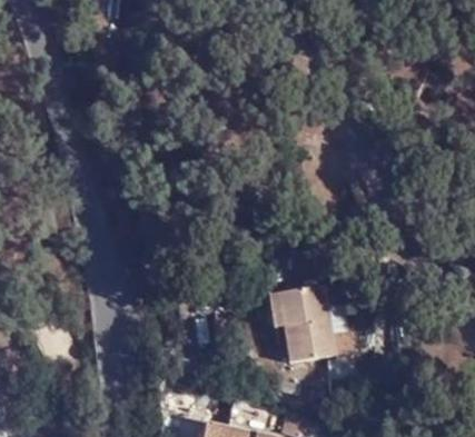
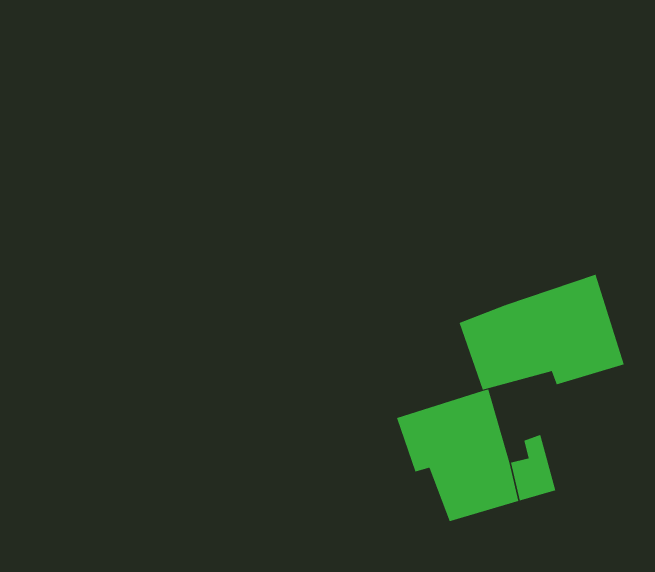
building: none -> [459,274,625,390]

